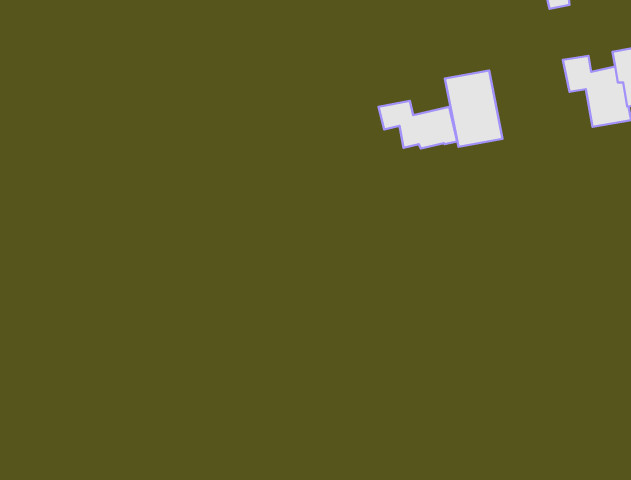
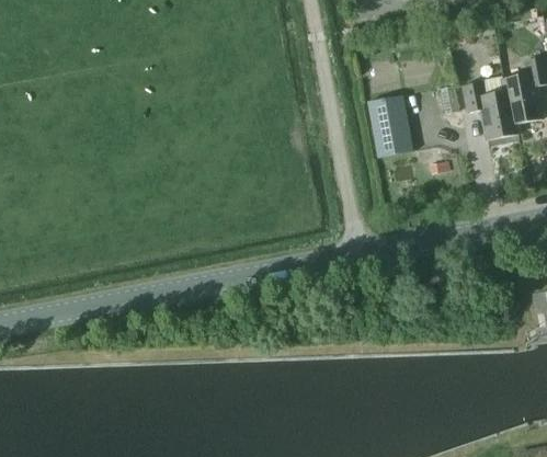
building: [378,101,457,149] -> none

